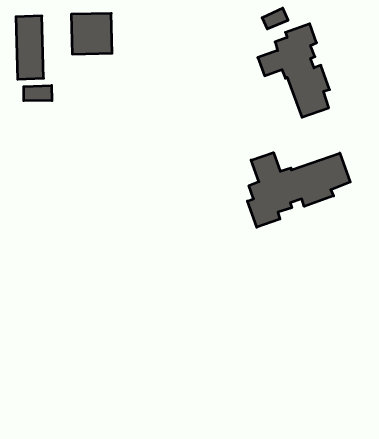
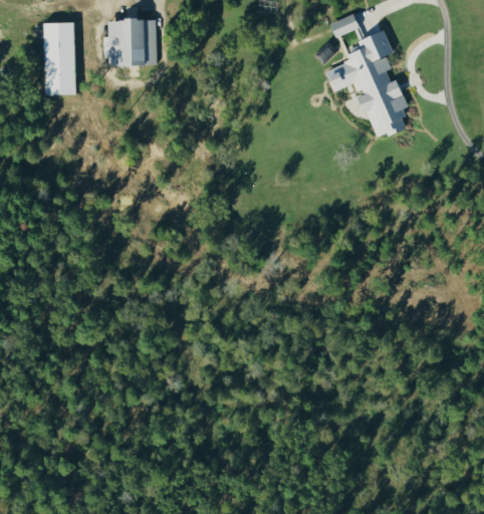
building: [24,85,52,101] -> none
building: [247,153,350,227] -> none

